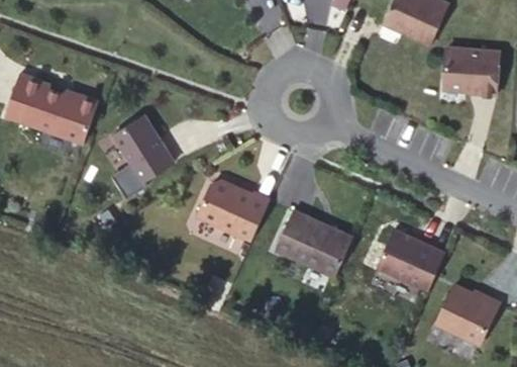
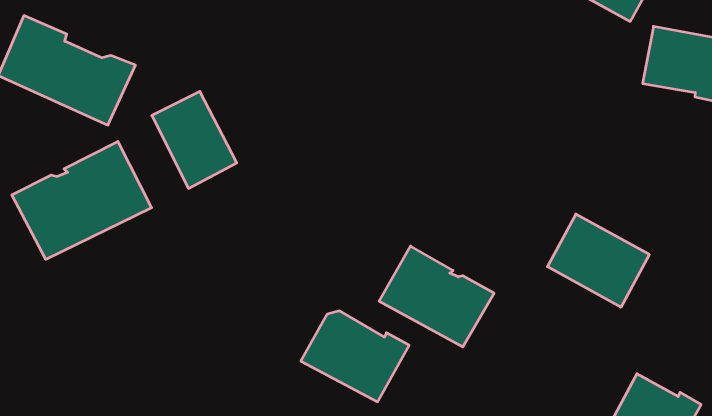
building: none -> [12,141,152,259]
building: [197,181,270,241] -> [301,311,409,402]
building: [379,228,447,289] -> [547,214,649,307]

